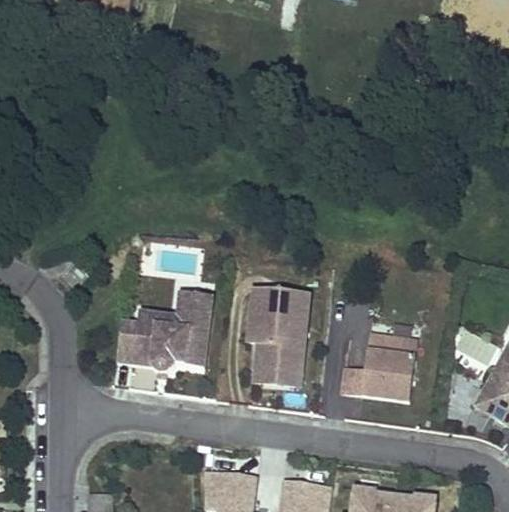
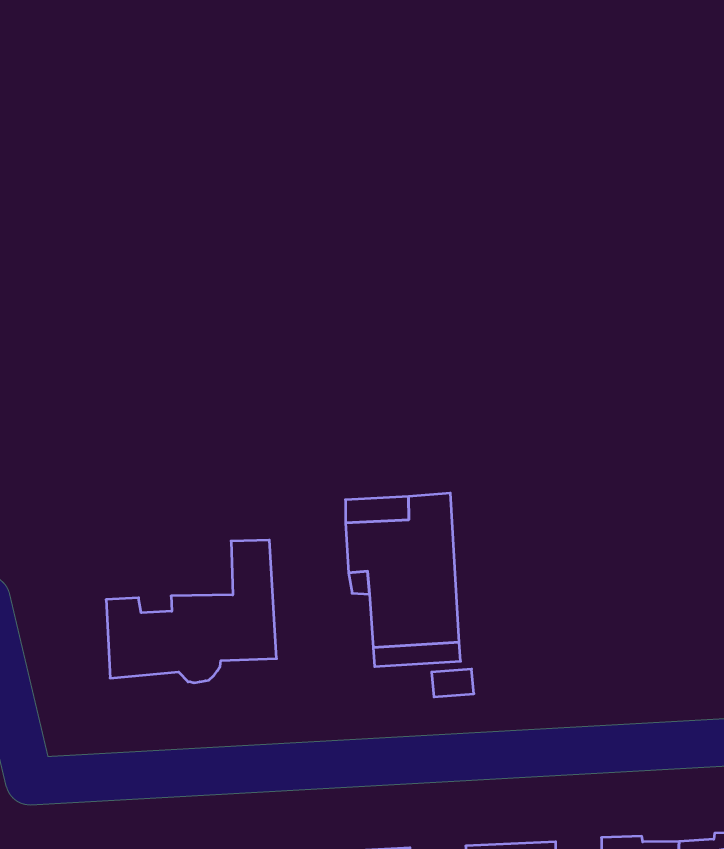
building: [138,292,212,332] -> none
building: [341,332,418,399] -> none

